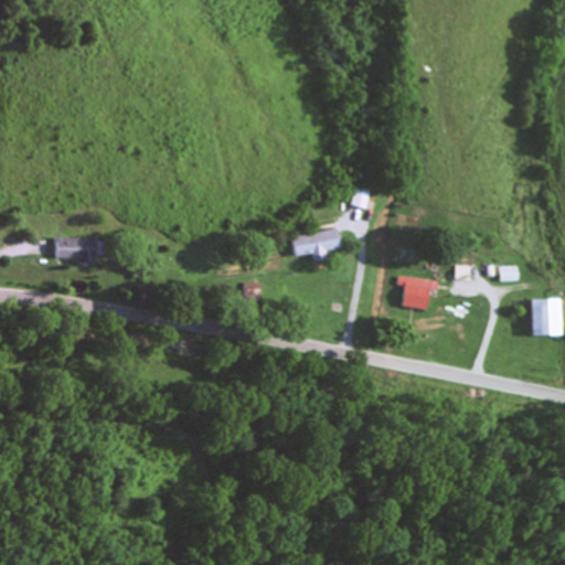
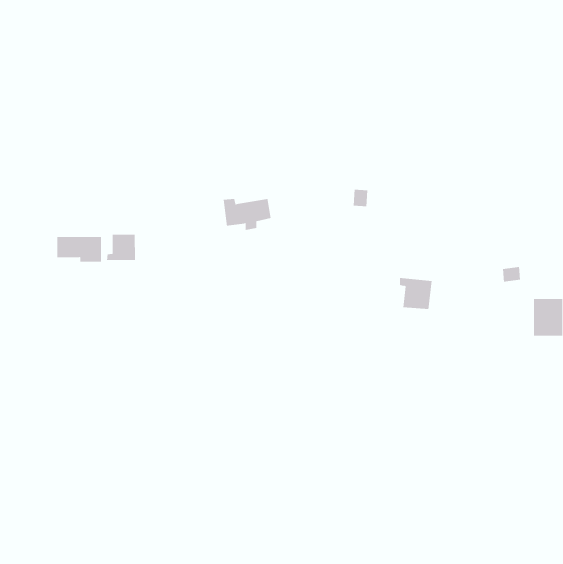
building: [291,228,340,260] -> [223,198,271,230]
building: none -> [107,234,135,261]

